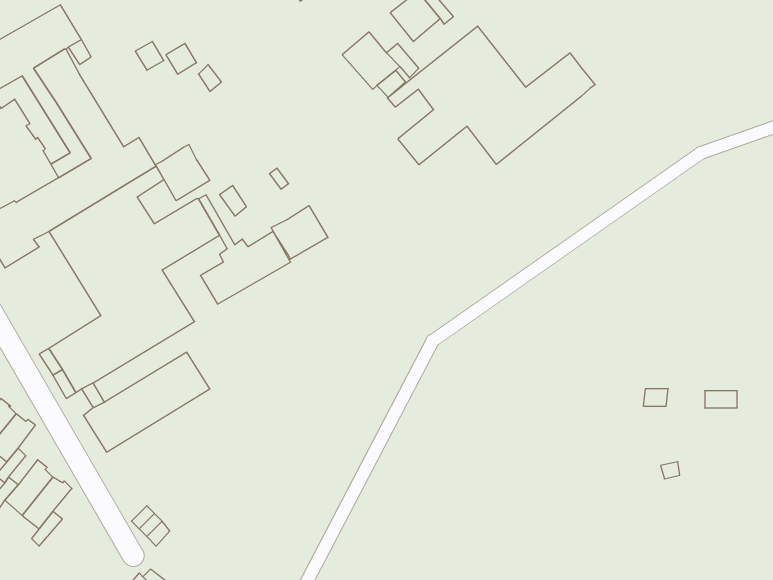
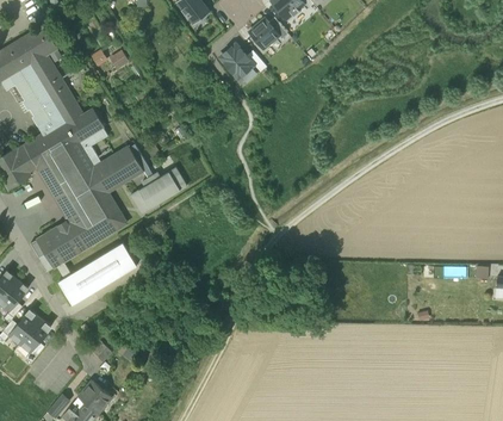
building: [387,26,595,165] -> none
building: [155,145,210,201] -> none
building: [271,206,328,259] -> none

